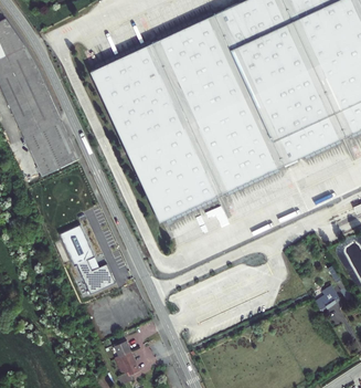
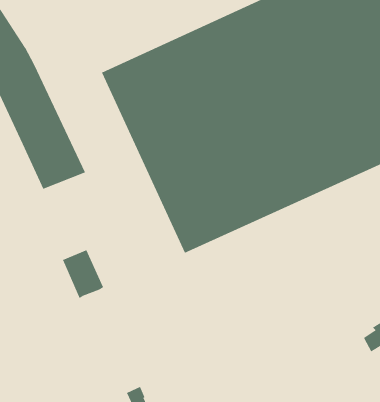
building: [75,256,113,292] -> none

